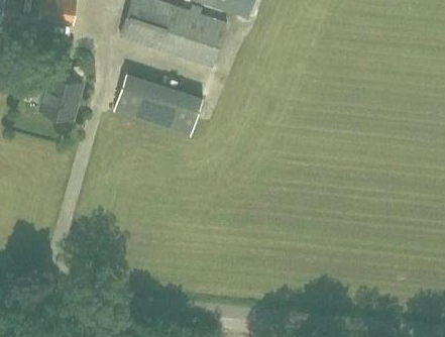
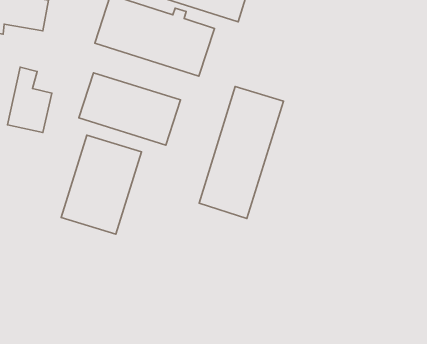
building: none -> [199,87,283,219]
building: none -> [61,135,141,234]

